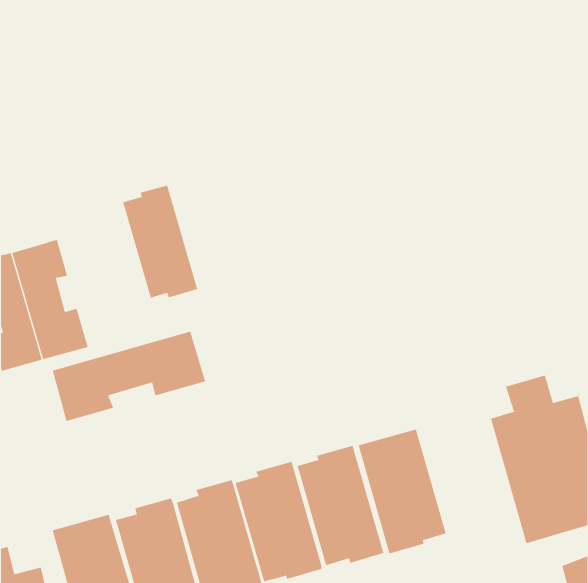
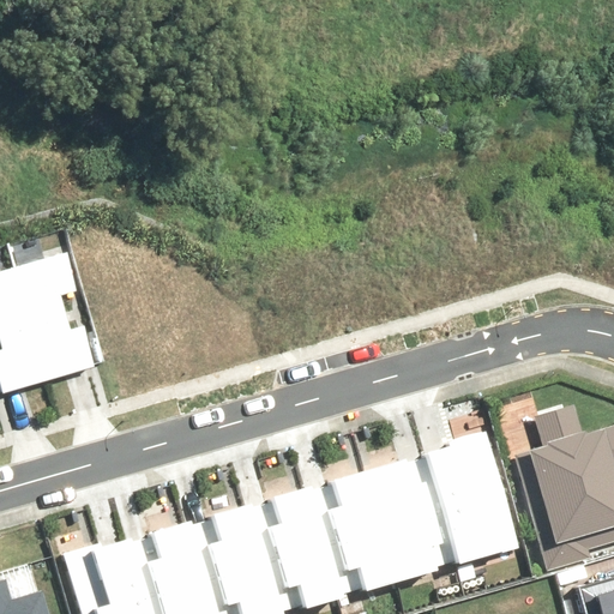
building: [123,185,198,299] -> none
building: [52,331,206,422] -> none
building: none -> [437,434,524,559]

